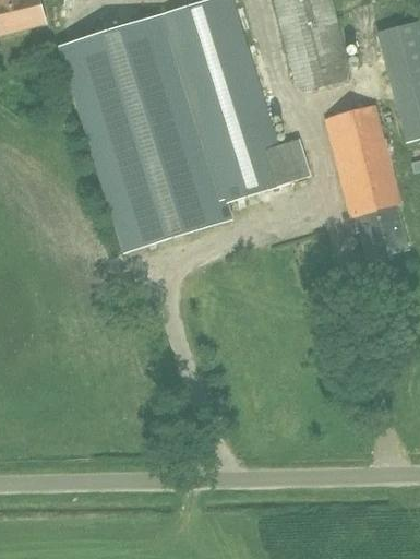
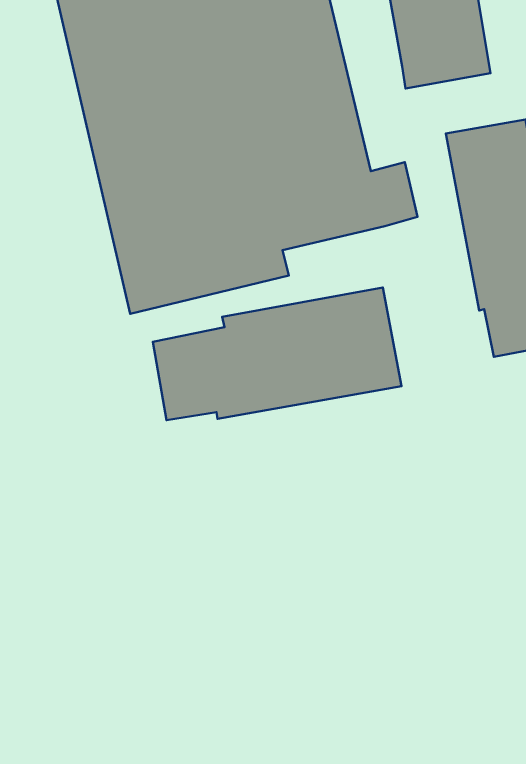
building: none -> [153,287,402,420]

